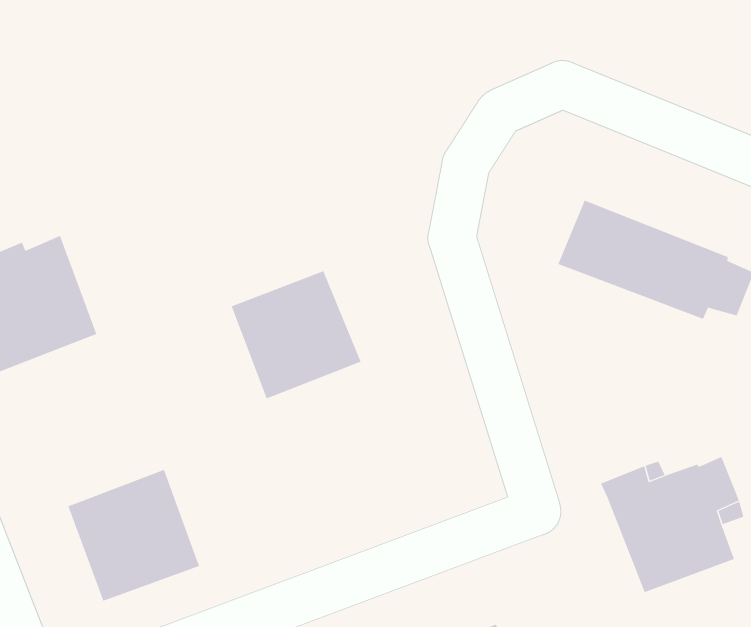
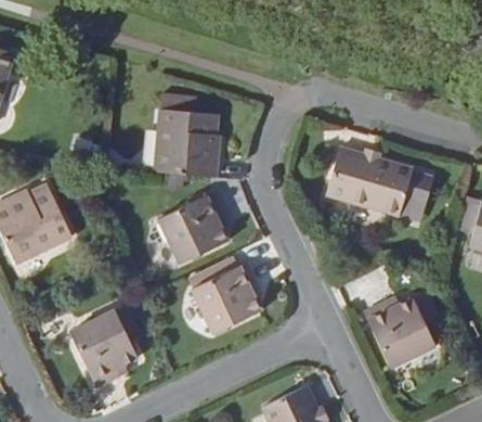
building: none -> [160,110,220,179]
building: none -> [187,252,265,334]

